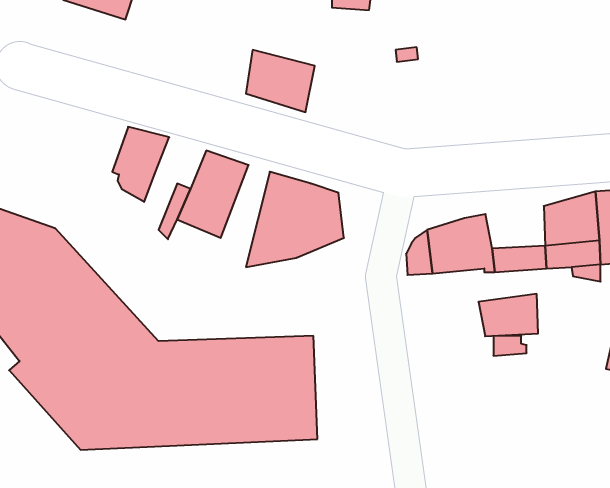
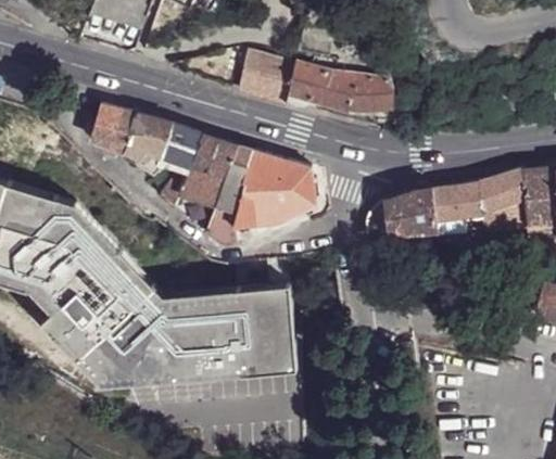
building: none -> [286,63,391,112]
building: none -> [91,104,140,152]
building: none -> [162,124,204,166]
building: none -> [206,146,256,248]
building: [478,294,538,336] -> [433,180,482,215]

